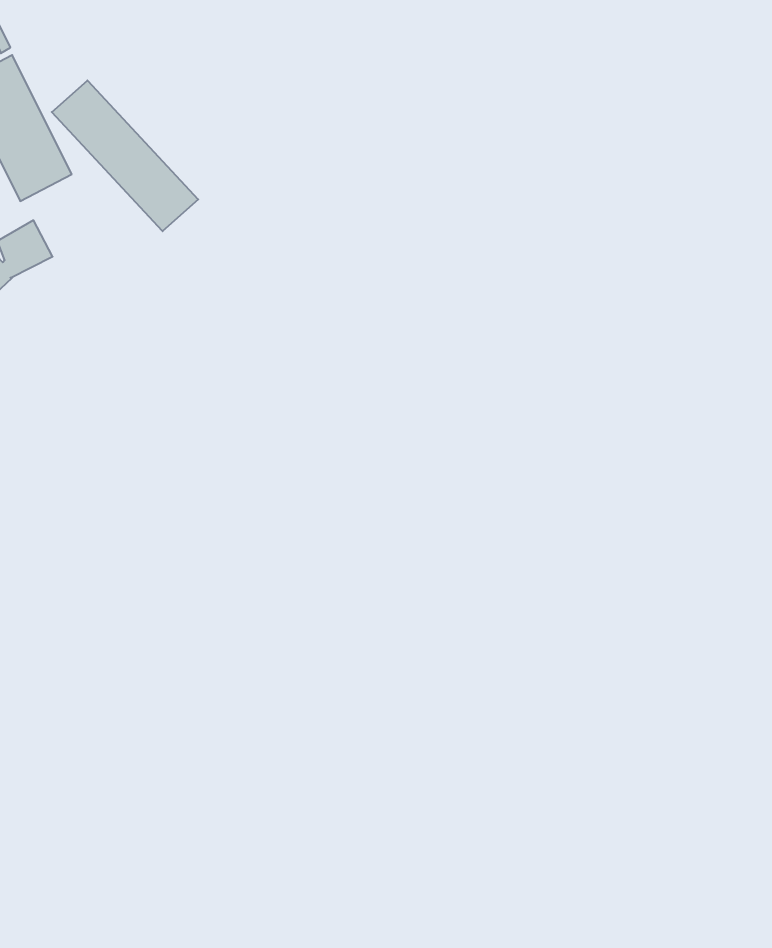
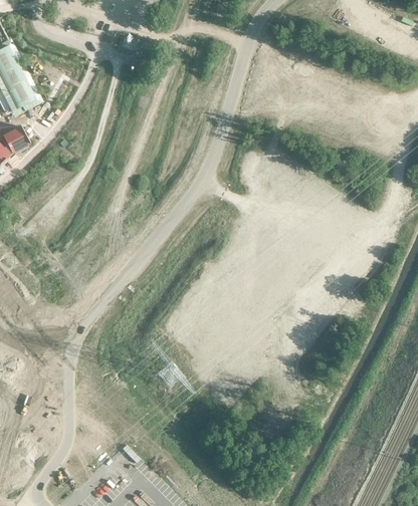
building: [52,80,198,231] -> none

